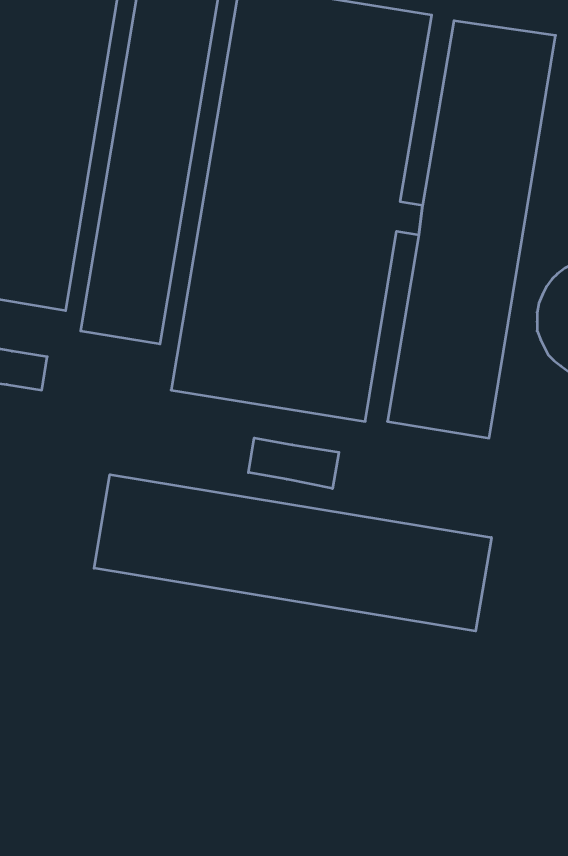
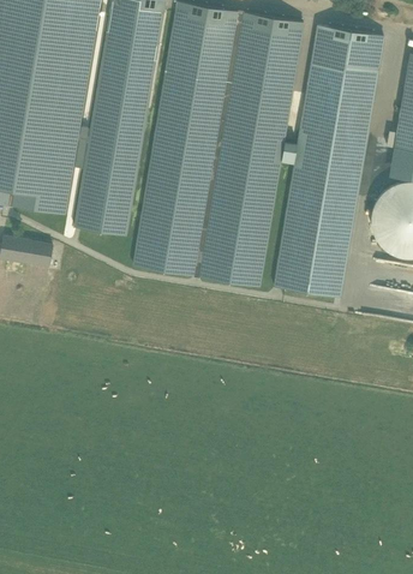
building: [248,438,339,489] -> none
building: [94,475,491,631] -> none

